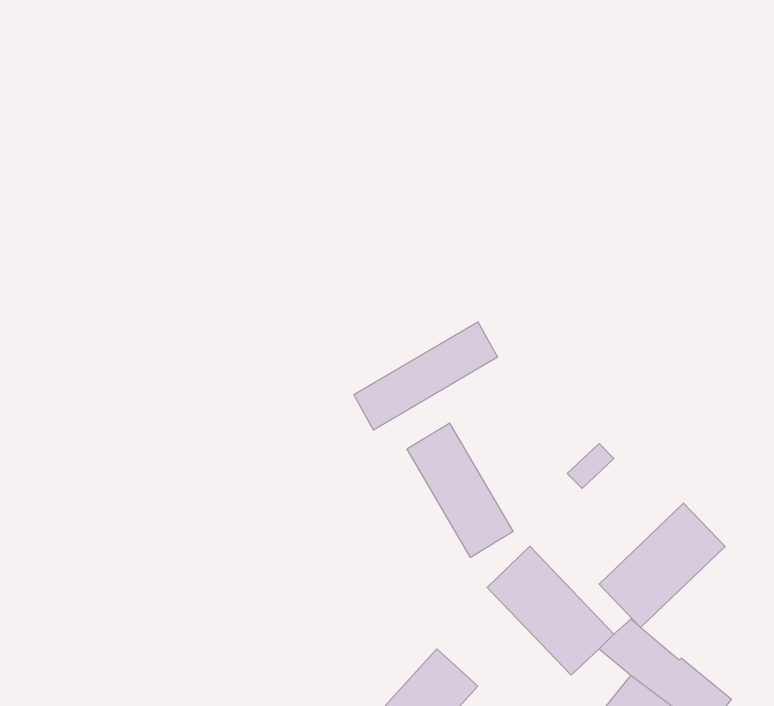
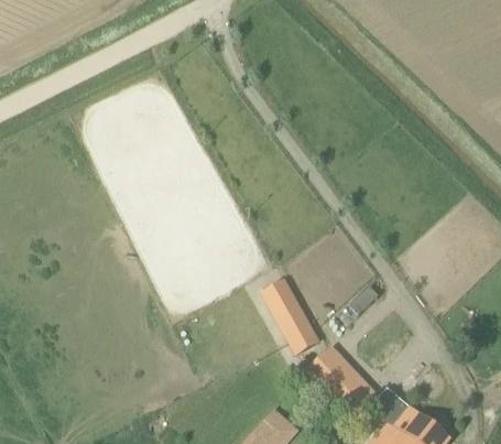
building: [354,322,498,430] -> none
building: [599,503,725,628] -> none

